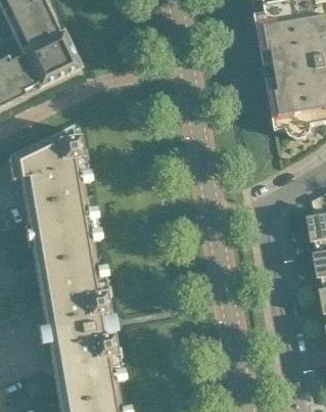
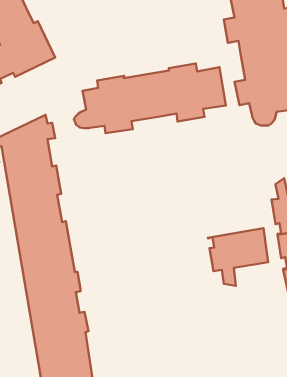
building: none -> [74,63,226,133]
building: none -> [208,228,268,286]

